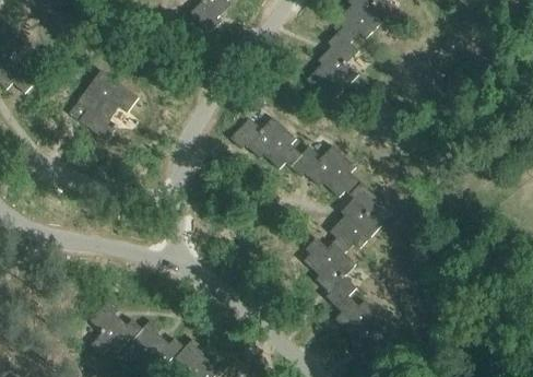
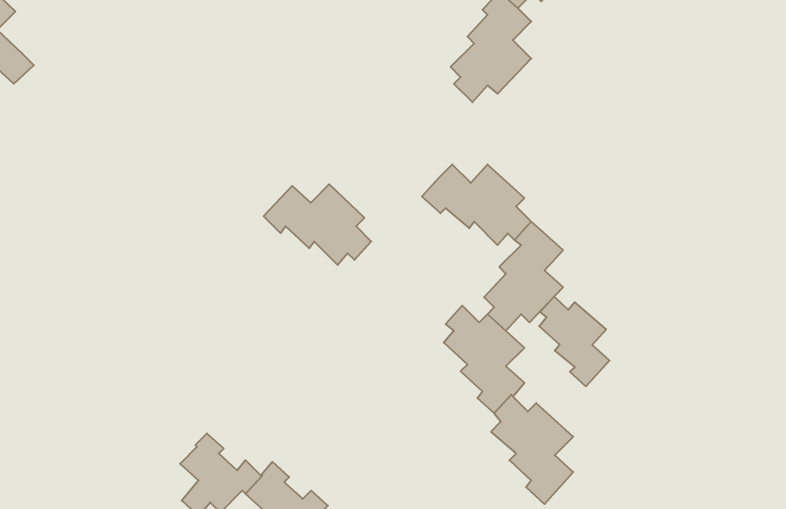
building: [68,68,138,140] -> none
building: [229,116,299,168] -> [264,184,371,265]
building: none -> [539,297,610,386]
building: [87,299,142,354] -> none

